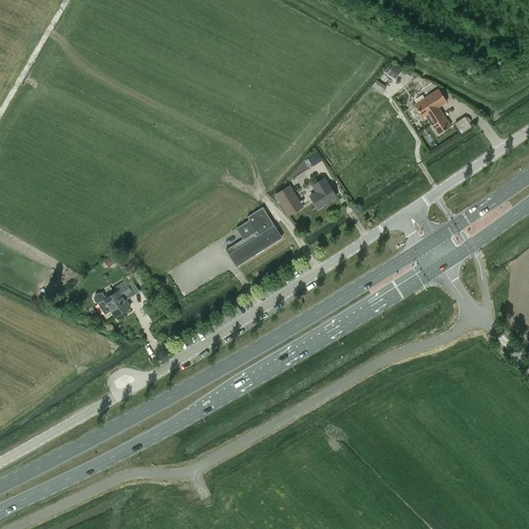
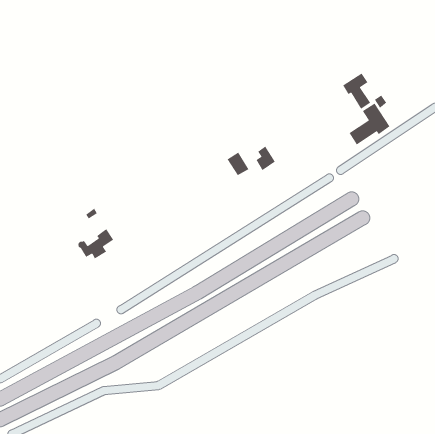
building: none -> [348,103,391,145]
building: [226,208,282,266] -> none

